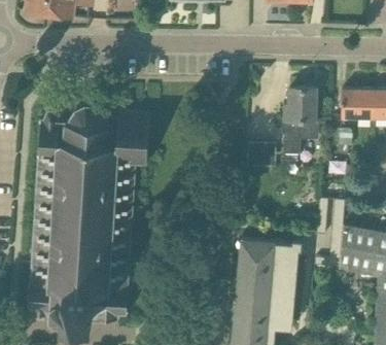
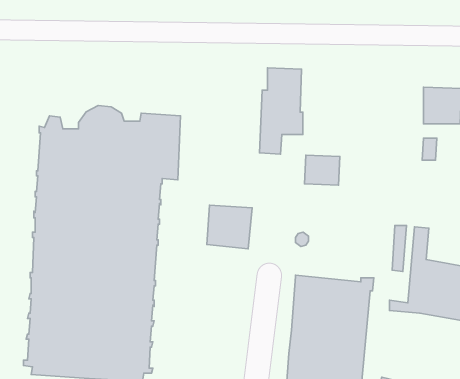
building: [284,88,318,156] -> [260,68,303,154]
building: none -> [207,205,252,249]

